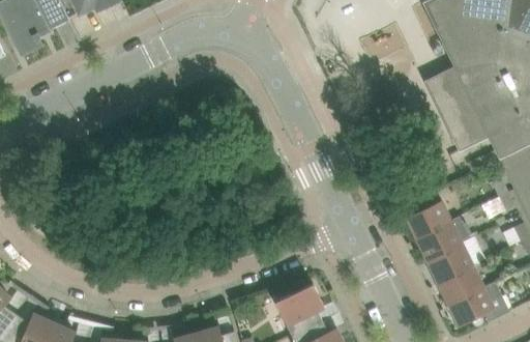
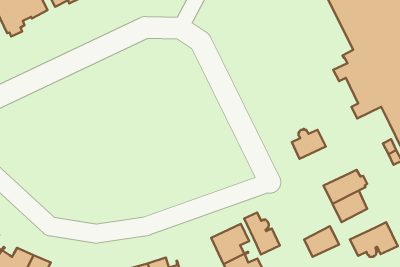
building: [407,198,449,235] -> [292,129,326,159]
building: [439,264,482,303] -> [304,226,339,257]
building: none -> [244,213,280,254]

